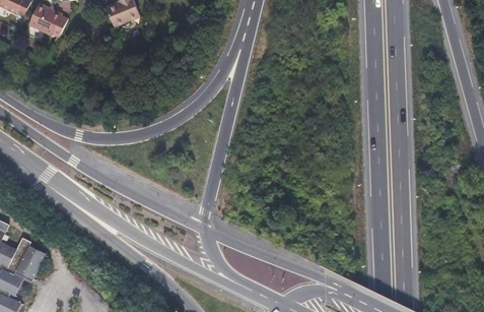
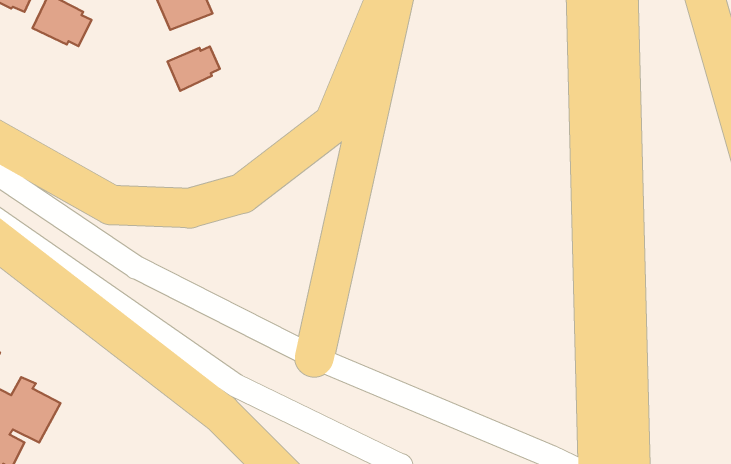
building: none -> [168,47,220,91]

